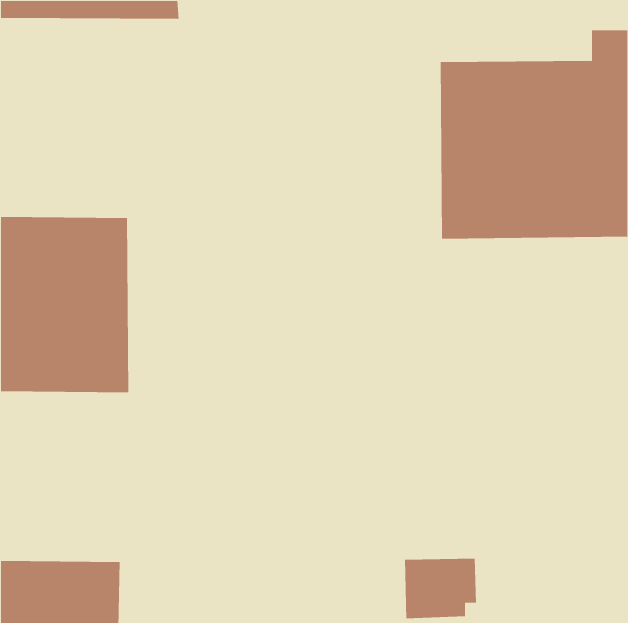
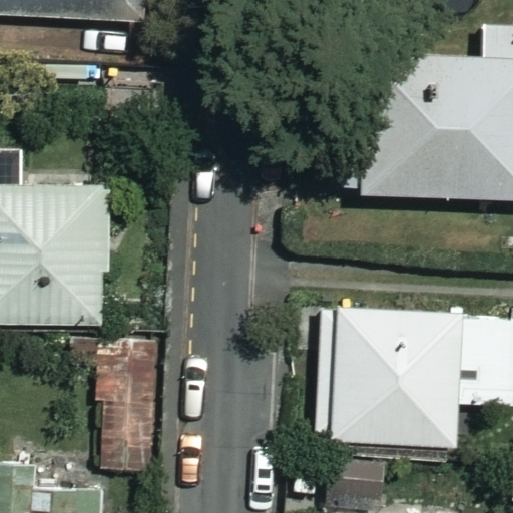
building: none -> [313,304,460,453]
building: none -> [98,338,158,473]

